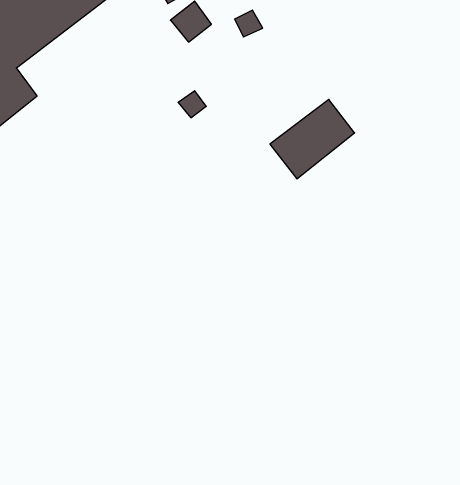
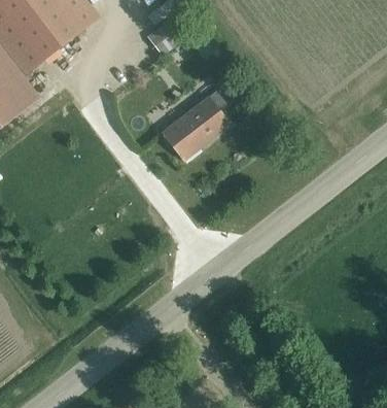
building: [270,99,355,179] -> [164,93,232,157]

